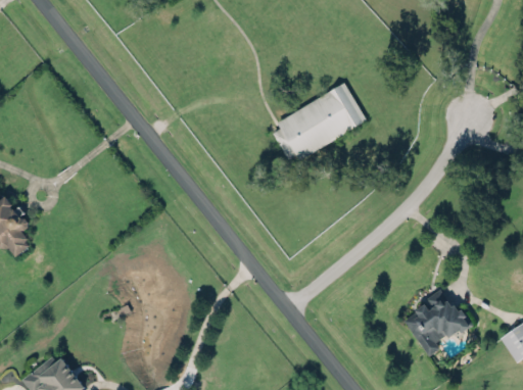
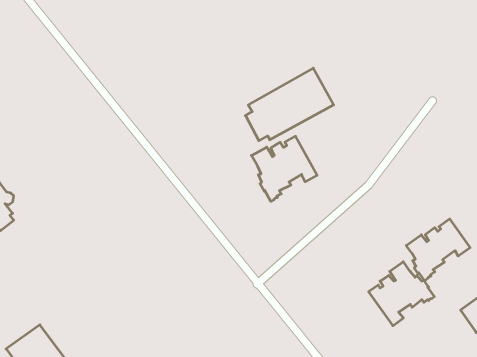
building: none -> [251,136,317,201]
building: none -> [406,219,470,281]

